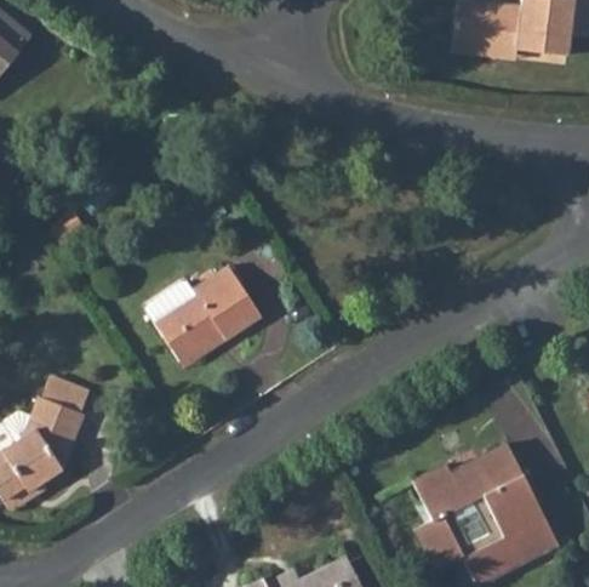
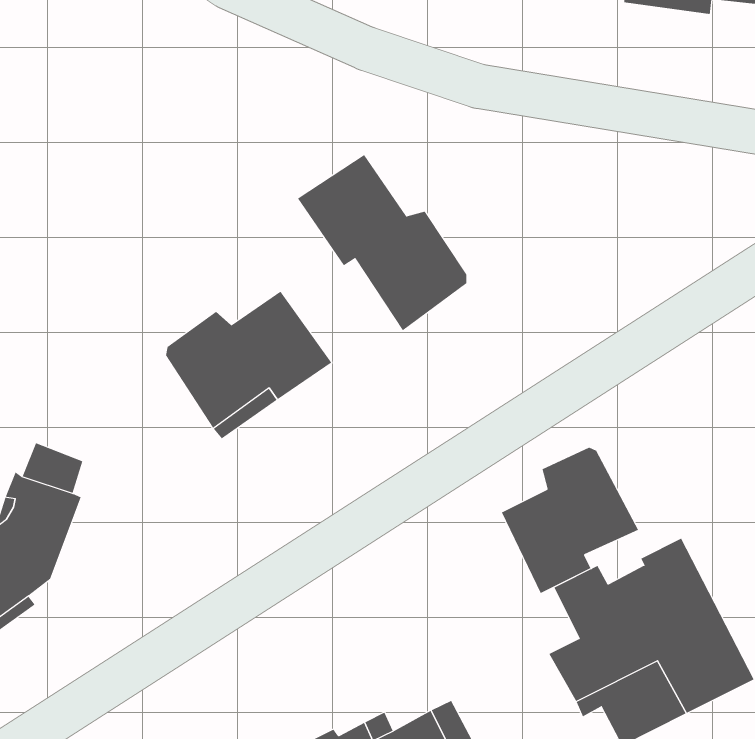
building: none -> [297,154,467,331]
building: none -> [501,447,639,594]

